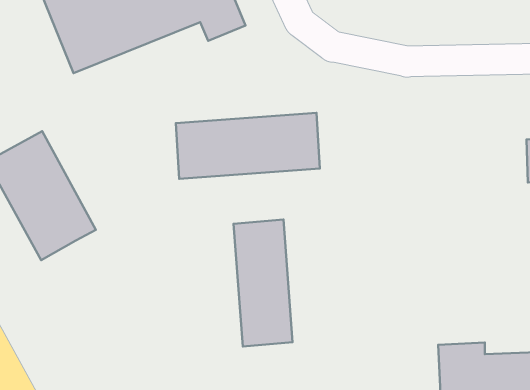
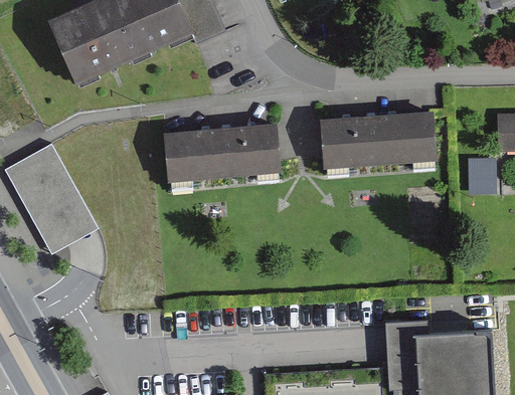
building: none -> [321,111,440,171]
building: [234,220,293,346] -> none

